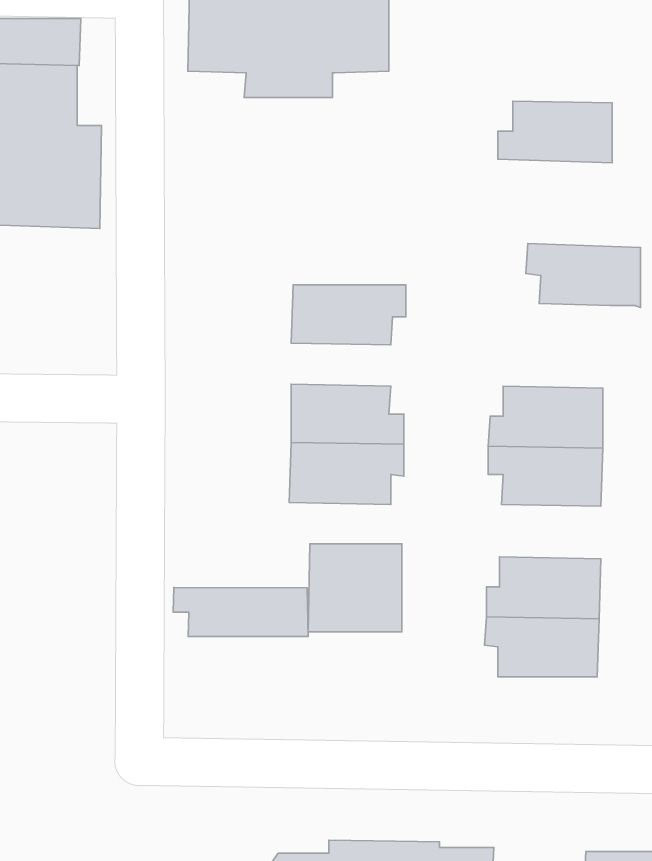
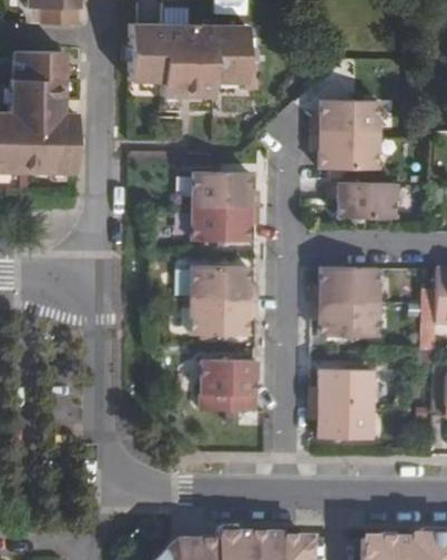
building: none -> [313,133,380,170]
building: none -> [192,172,260,207]
building: [173,588,308,637] -> none

